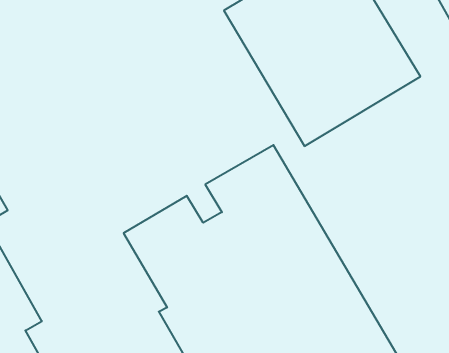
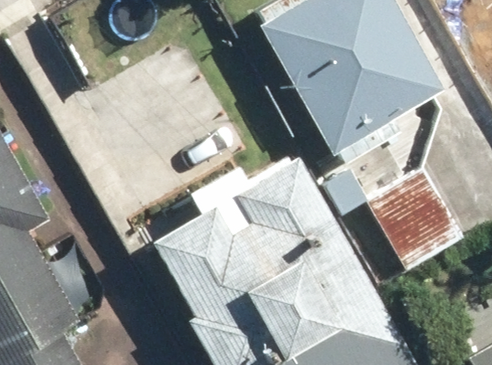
building: none -> [362,165,462,271]

